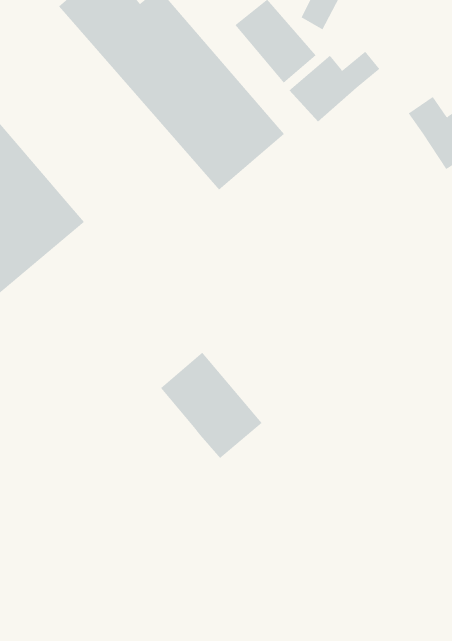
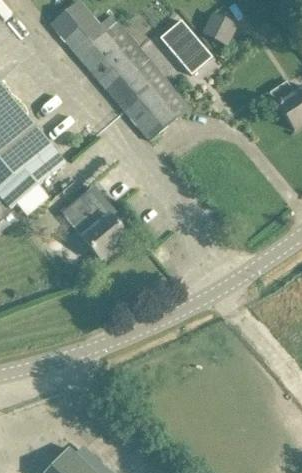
building: [288,51,380,122] -> none
building: [160,352,262,459] -> [63,189,128,257]

